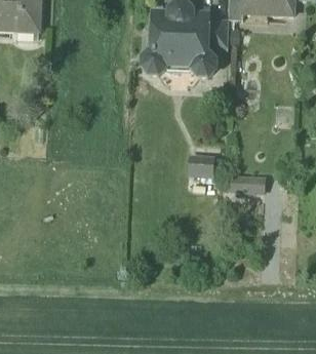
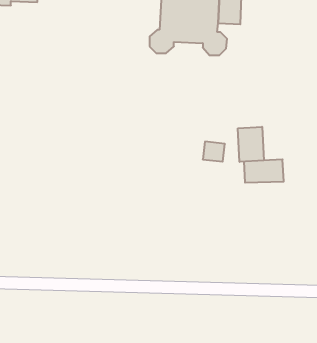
building: none -> [238,127,264,162]

